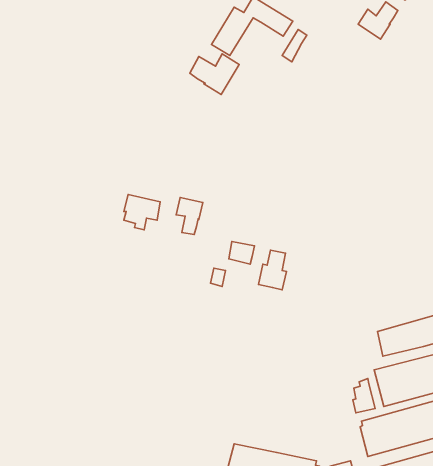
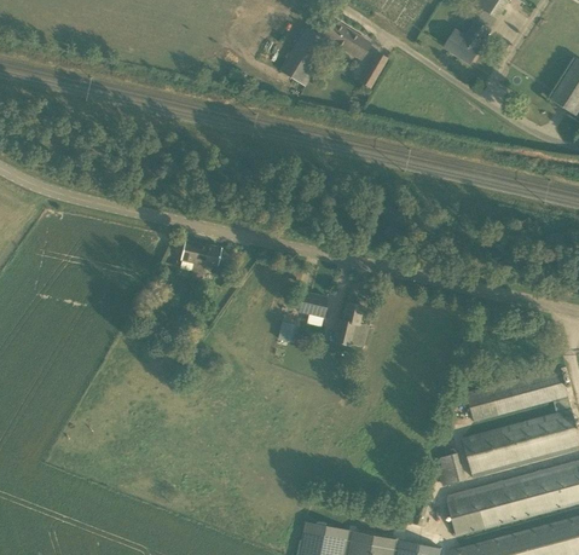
building: [190,54,239,94] -> none
building: [176,197,203,235] -> none

